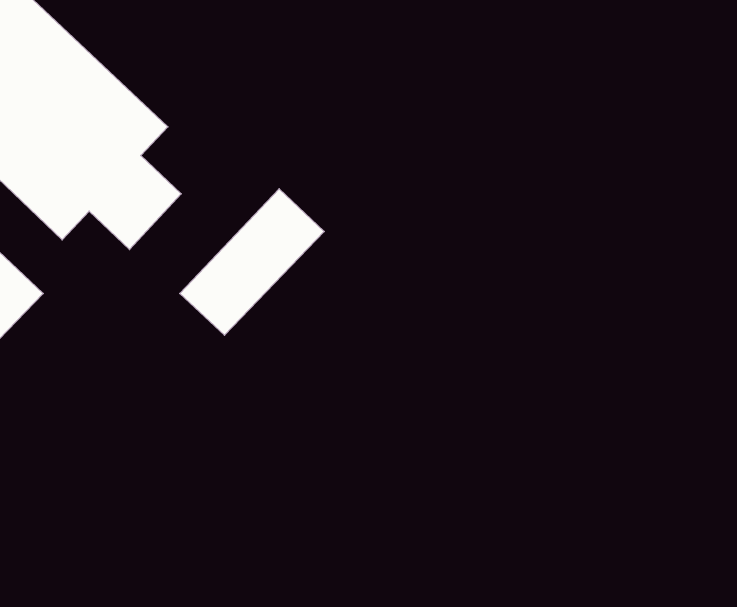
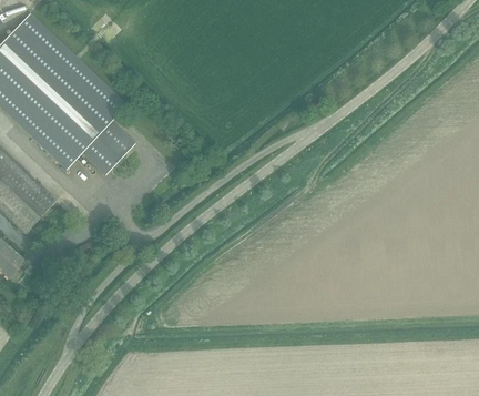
building: [180,189,324,335] -> none

